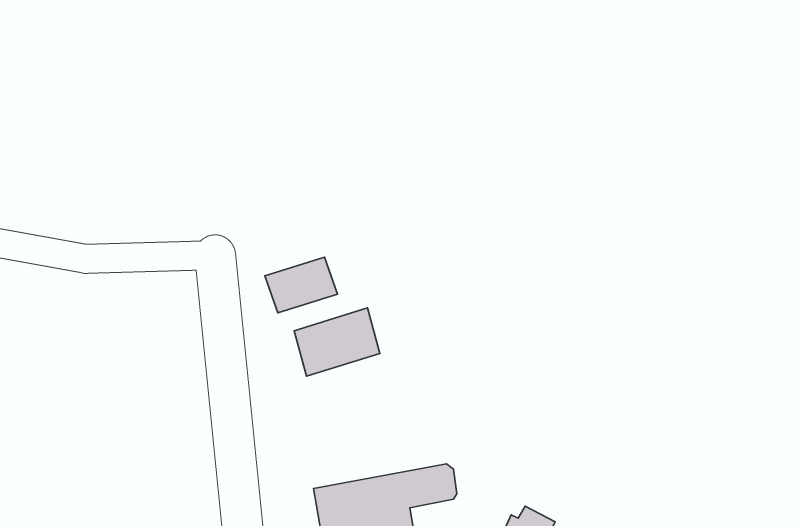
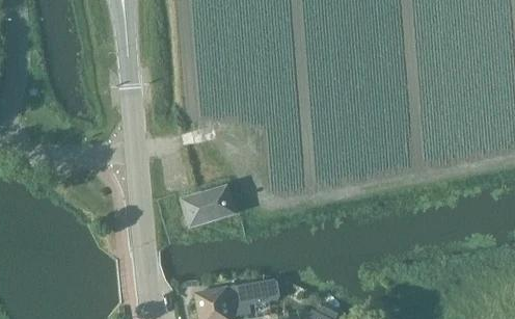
building: [265,257,338,313] -> none

